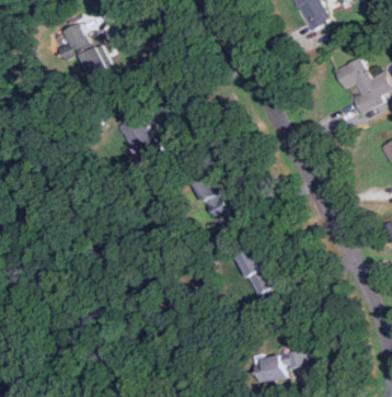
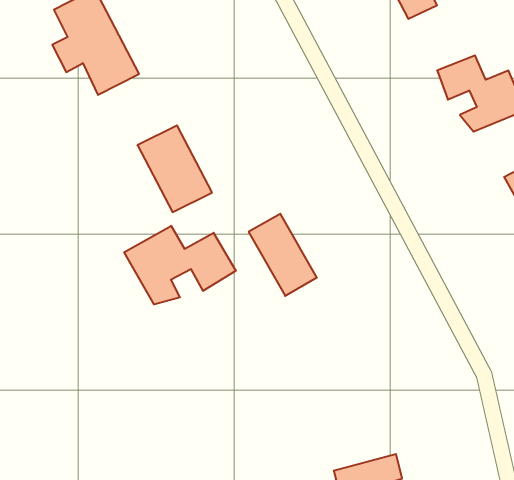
building: none -> [124,226,236,304]
building: [239,248,277,300] -> none

